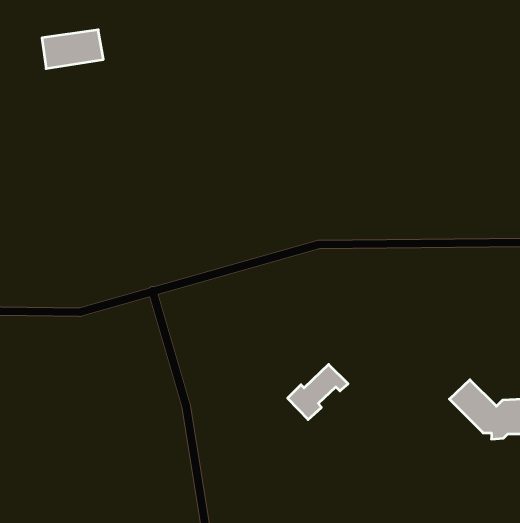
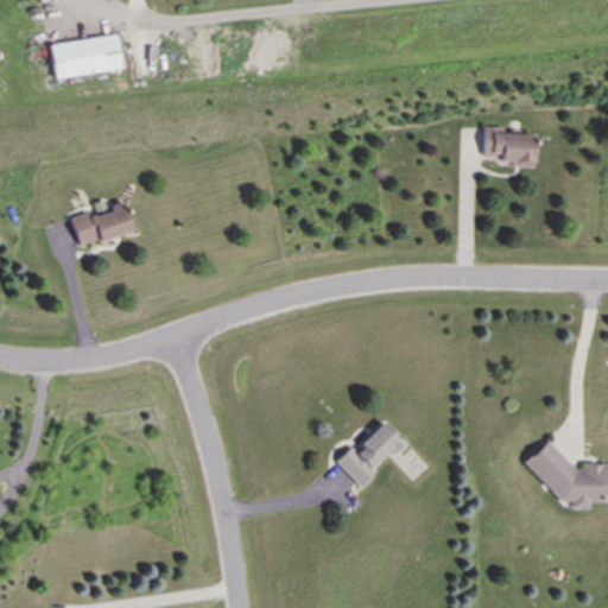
building: none -> [484,127,537,165]
building: none -> [72,201,134,246]

